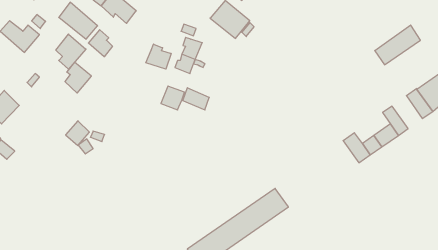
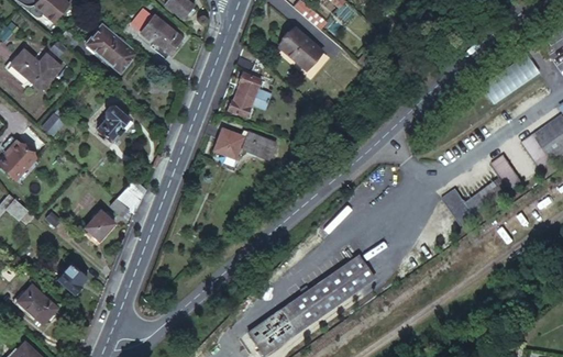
building: [88,30,112,57] -> none
building: [56,34,86,69] -> none
building: [146,44,171,69] -> none
building: [66,121,89,145] -> [84,209,113,239]
building: none -> [54,264,85,297]
building: none -> [20,288,62,327]

